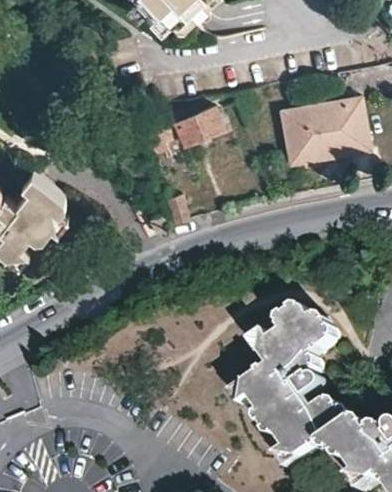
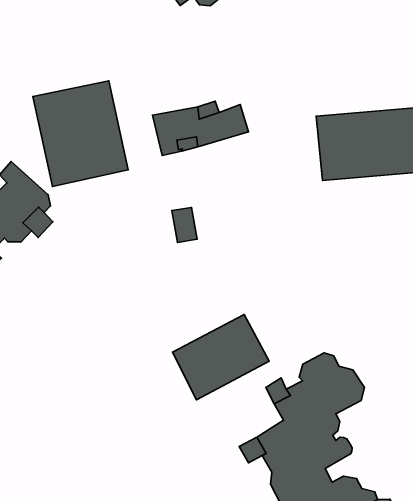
building: none -> [33,81,128,186]
building: none -> [172,314,269,400]

